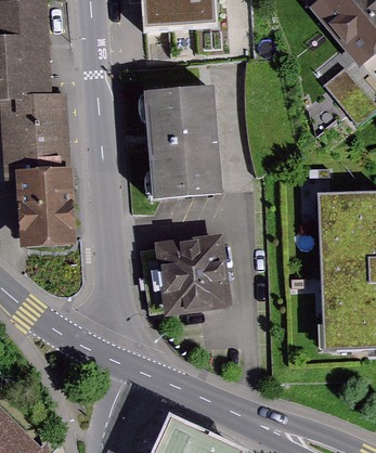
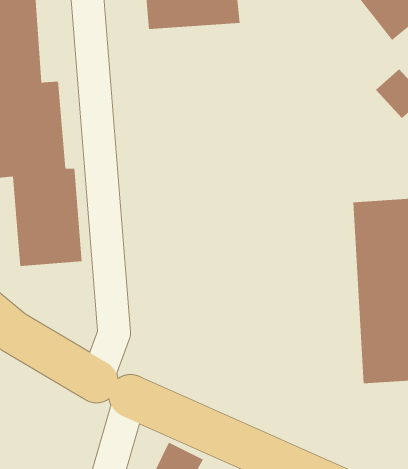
building: [150,83,236,196] -> none
building: [133,234,231,320] -> none

